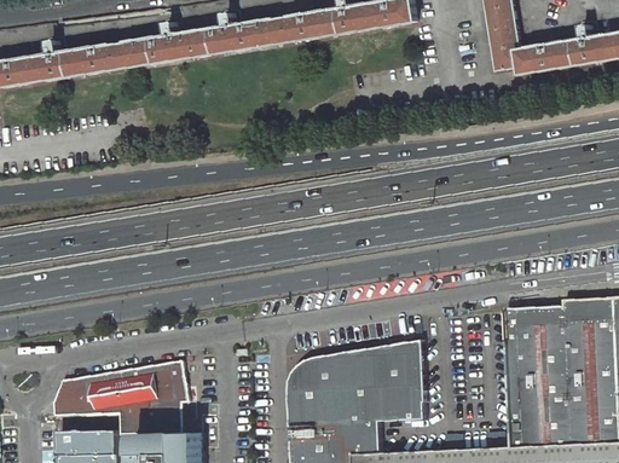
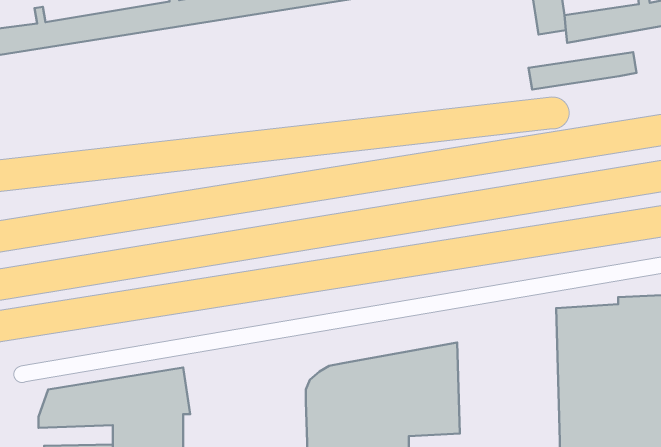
building: none -> [529,52,636,89]

